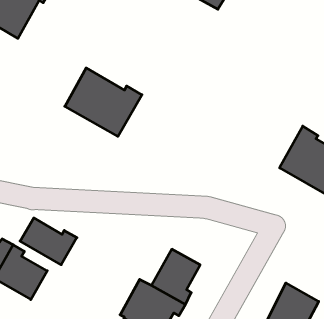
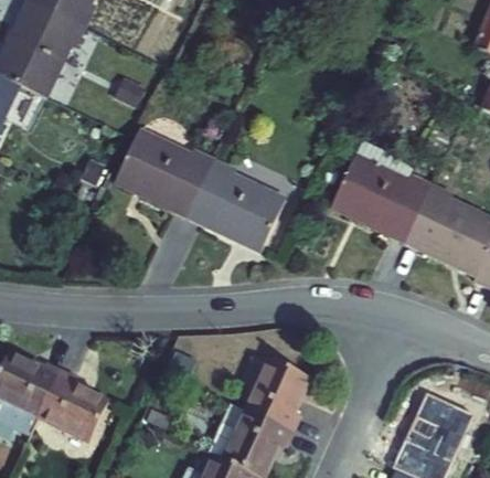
building: none -> [330,141,430,241]
building: none -> [188,158,286,249]
building: [20,218,77,265] -> none

